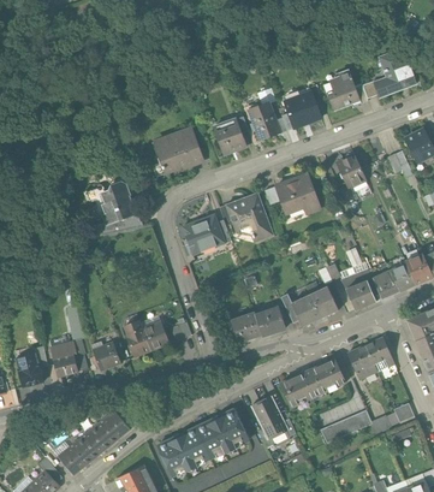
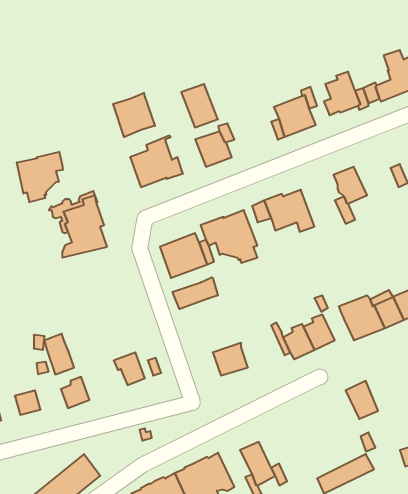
building: none -> [113,93,155,137]
building: [248,102,280,141] -> [181,84,218,127]
building: none -> [17,152,63,202]
building: none -> [172,277,218,309]
building: [255,308,285,336] -> none
building: [124,320,150,356] -> [44,334,74,374]
building: [365,337,394,372] -> none
building: [280,358,346,408] -> none

